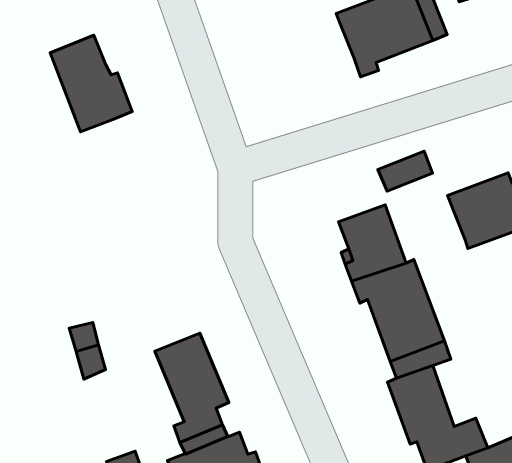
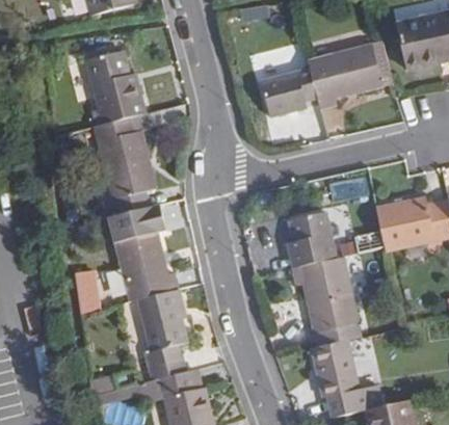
building: none -> [259,67,318,115]
building: none -> [94,113,152,198]
building: none -> [107,203,178,301]

